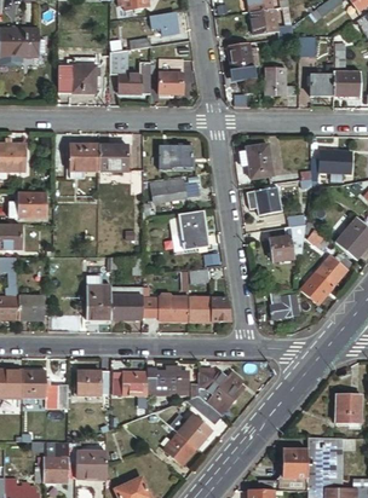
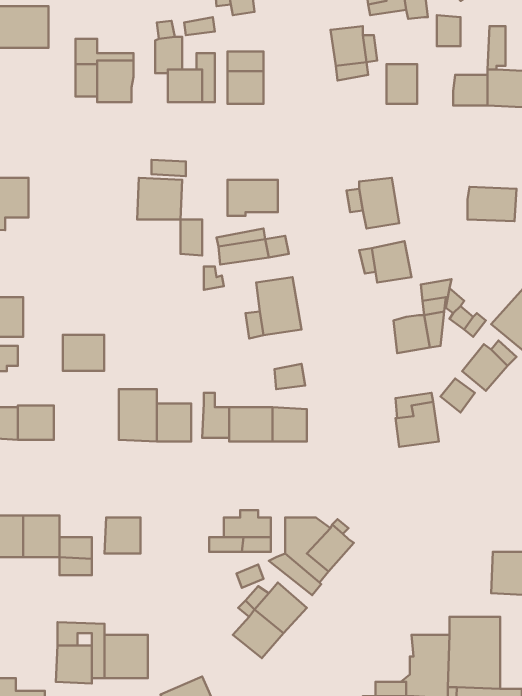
building: [70,144,99,172] -> none
building: [18,192,46,216] -> [63,335,104,371]
building: [122,371,146,395] -> none

